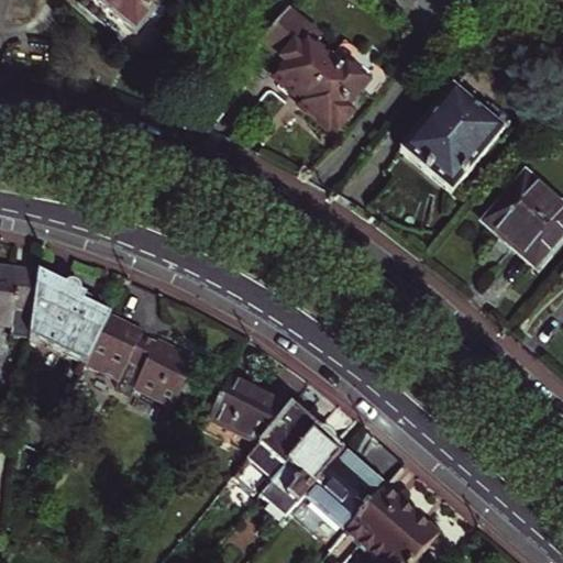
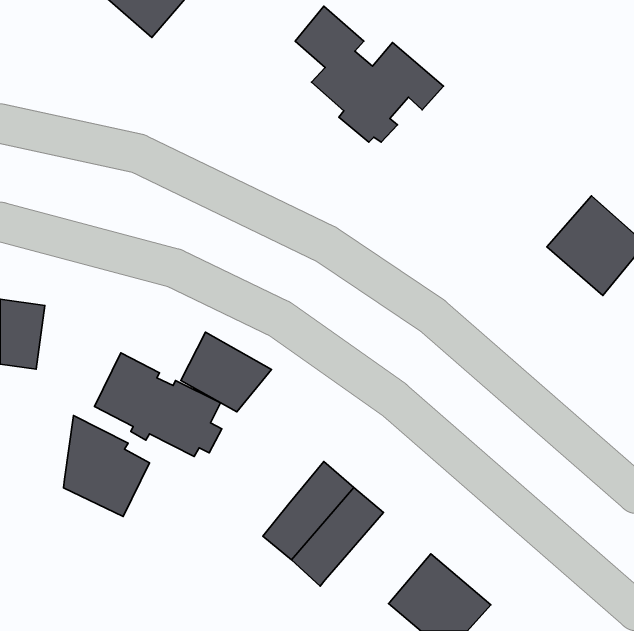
building: [404,87,503,194] -> none
building: [33,269,109,358] -> [63,416,149,517]
building: [208,374,288,444] -> [181,332,272,412]
building: [289,452,383,543] -> none

